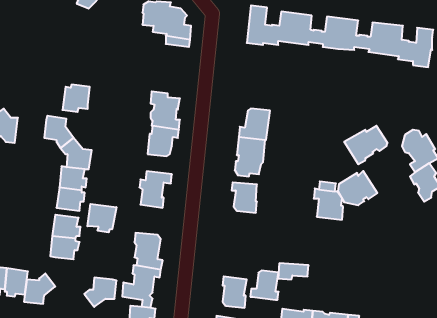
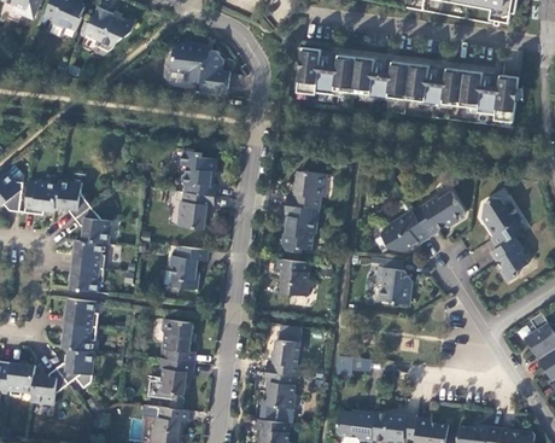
building: [62,85,90,112] -> [24,182,57,215]
building: [338,171,377,205] -> [381,211,428,252]
building: [87,204,116,232] -> none
building: [250,271,279,300] -> [265,340,299,375]
building: [84,278,117,307] -> [56,349,94,384]

